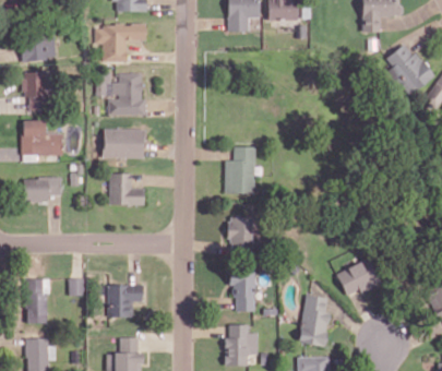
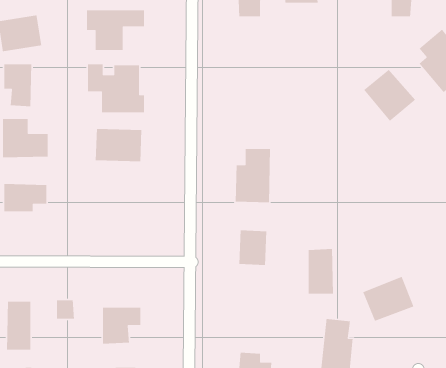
building: none -> [363,69,416,122]
building: [109,172,144,205] -> none
building: [232,271,255,311] -> [308,248,334,295]

